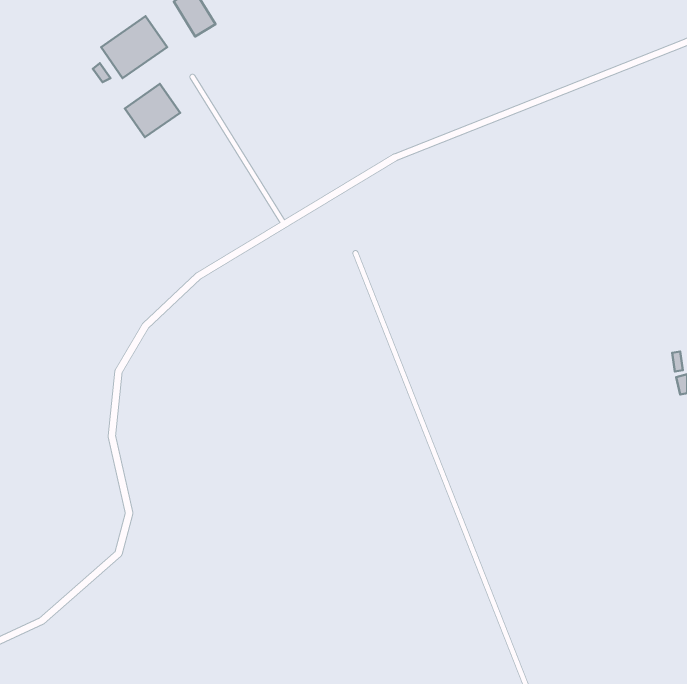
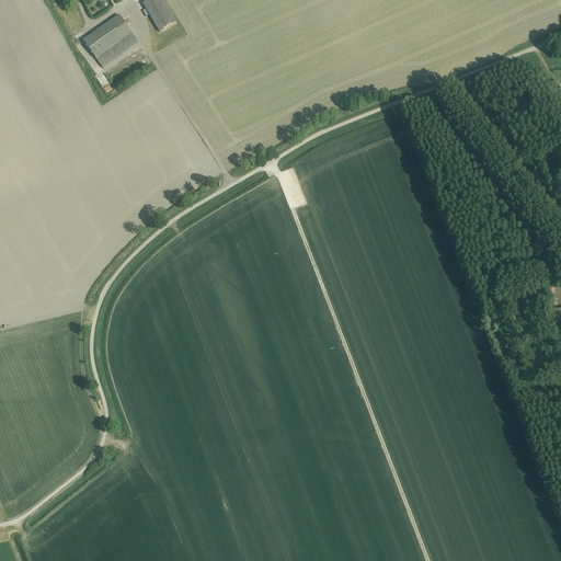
building: [125,84,180,137] -> none

